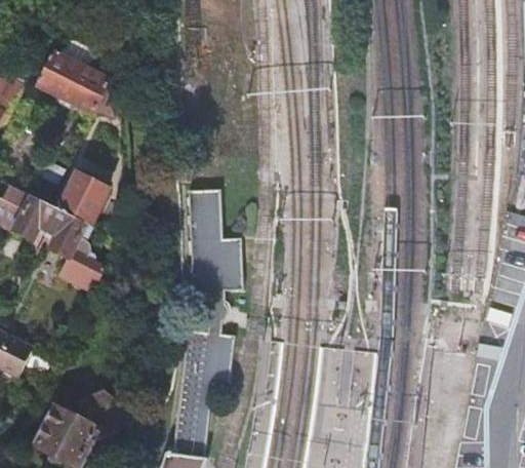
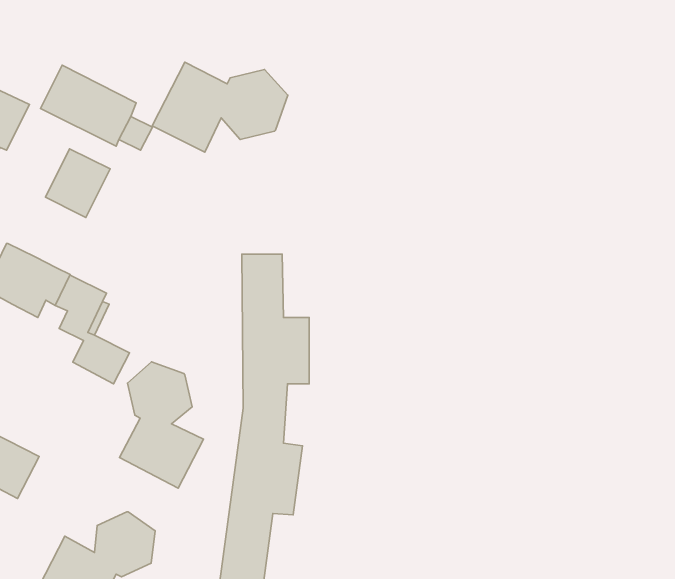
building: none -> [152,62,288,152]
building: [58,173,108,226] -> [45,149,110,218]
building: none -> [120,362,203,488]

